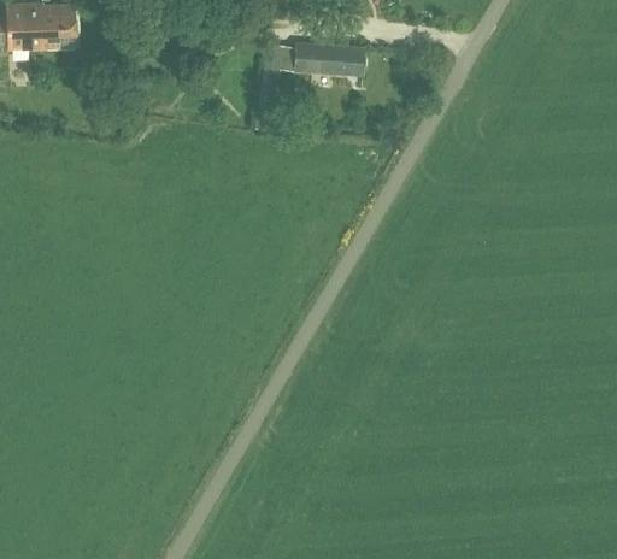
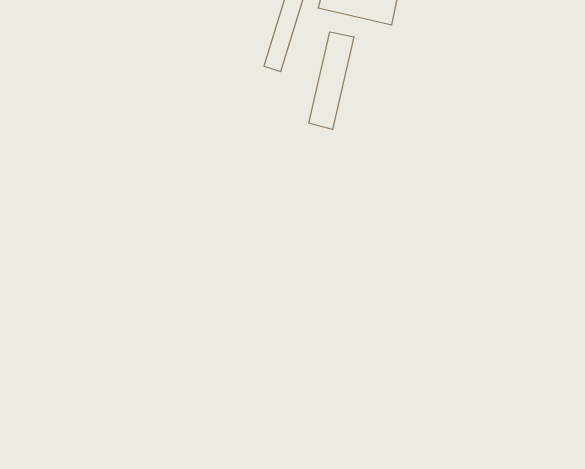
building: none -> [309,32,354,130]

